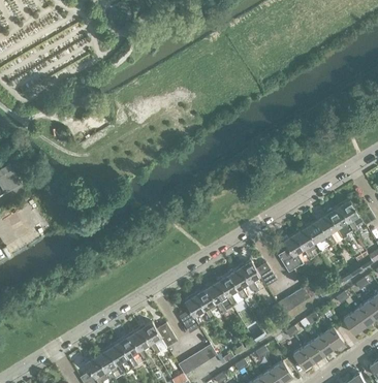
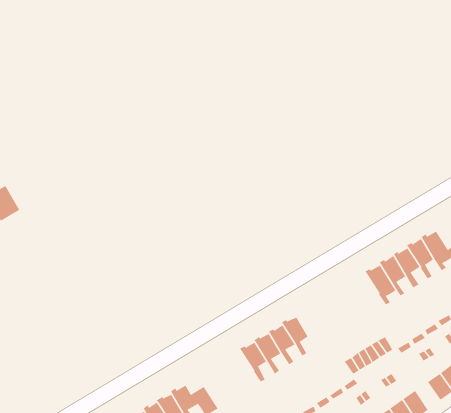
building: [277,233,304,274] -> none
building: [238,262,276,294] -> none
building: [178,294,204,334] -> none

